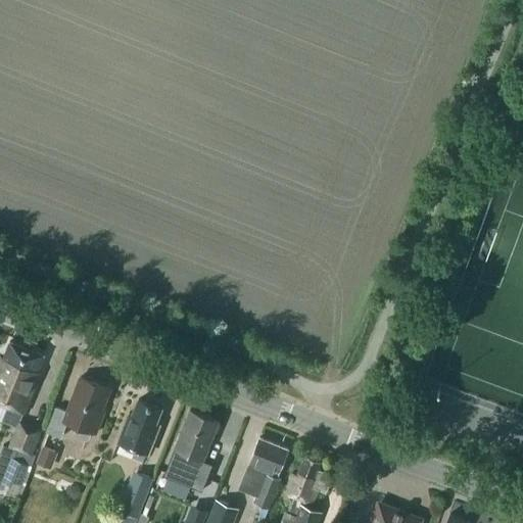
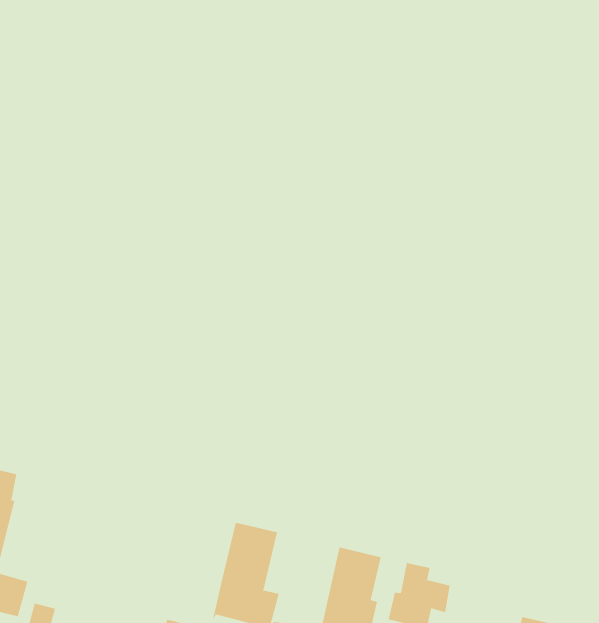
building: [46,378,110,442] -> none
building: [117,401,161,464] -> none

